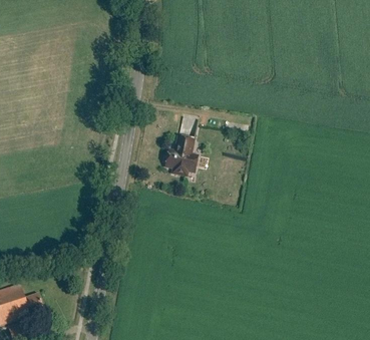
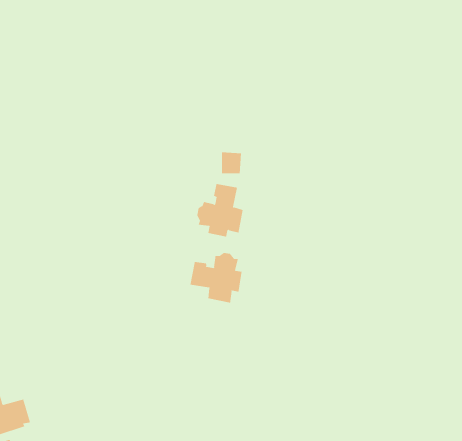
building: none -> [190,252,242,303]

